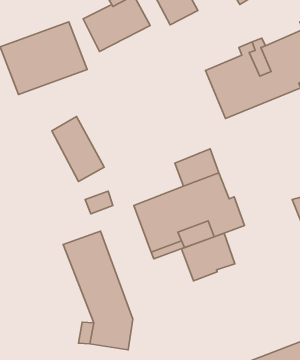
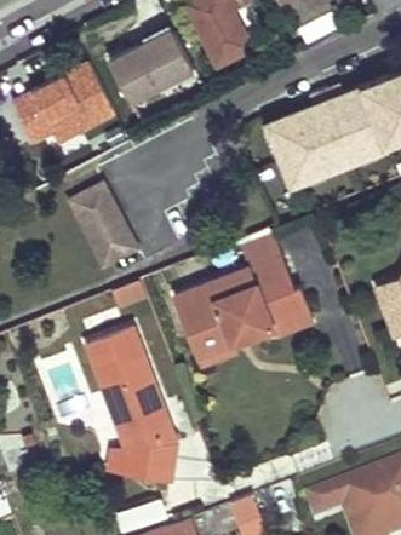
building: [181,233,235,281] -> none

